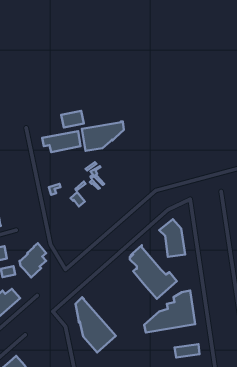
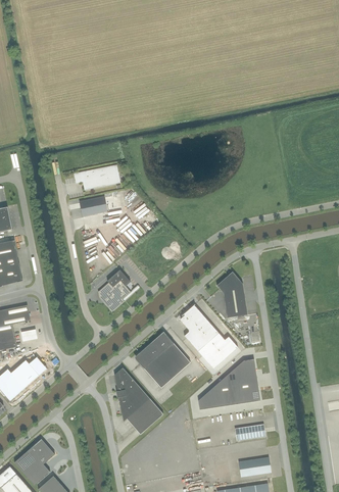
building: [61,111,84,128] -> [79,196,106,216]
building: [82,121,124,151] -> none
building: [20,243,46,277] -> [97,269,130,311]
building: none -> [137,331,190,388]

